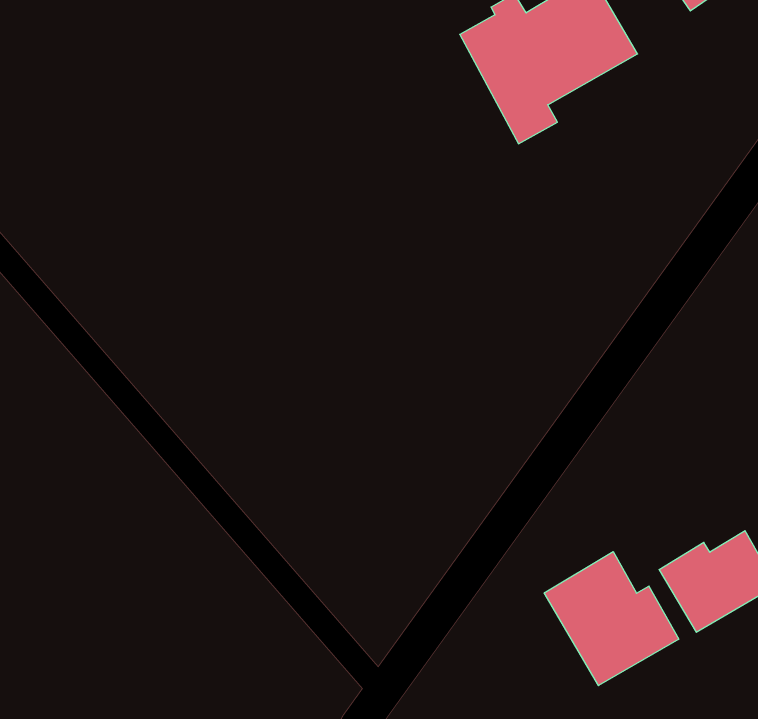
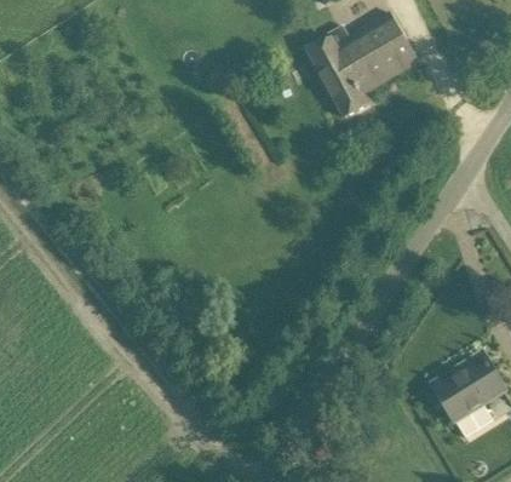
building: [544,552,679,686] -> none

